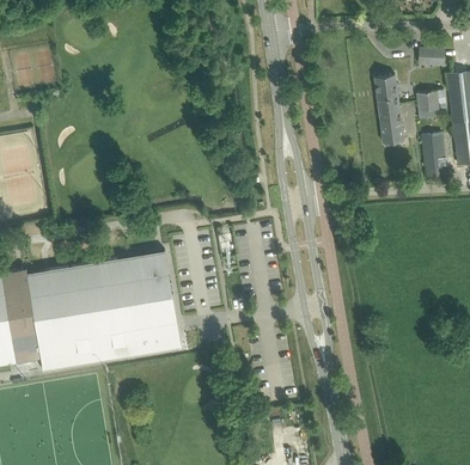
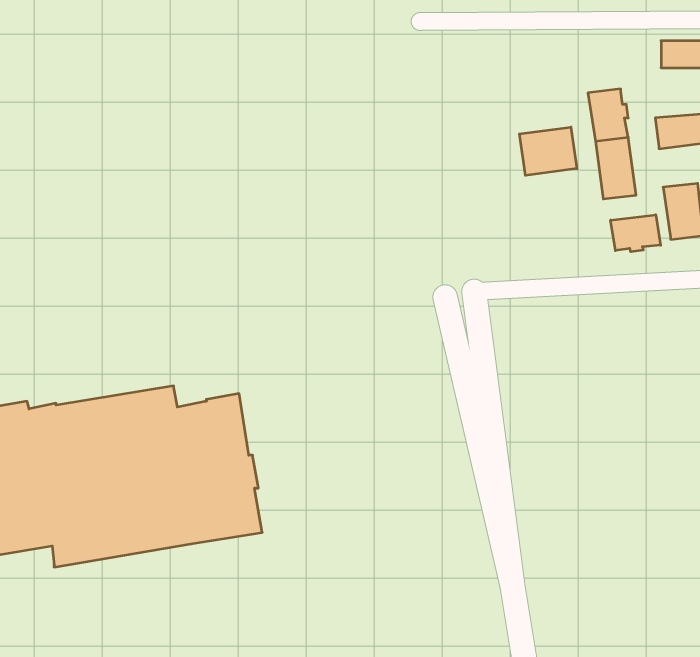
building: none -> [519,127,577,175]
building: none -> [611,215,661,252]

